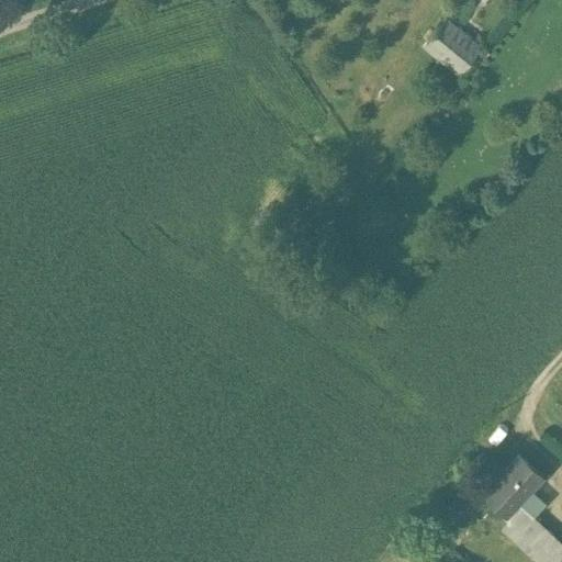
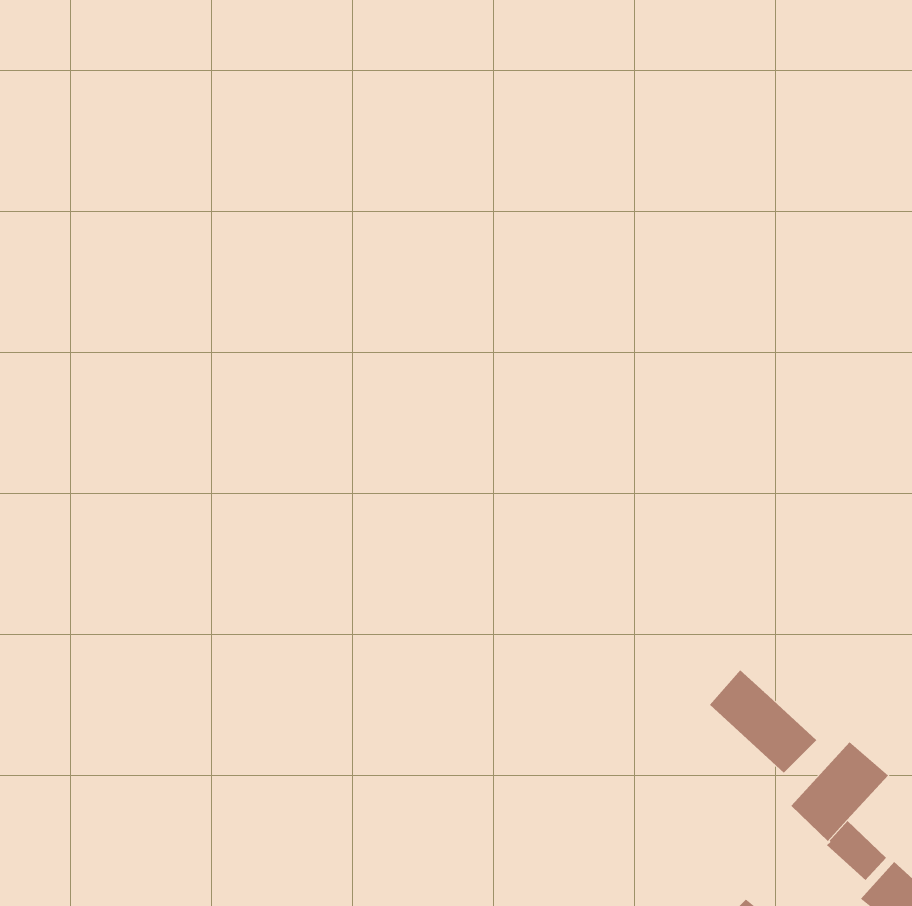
building: [424,21,483,78] -> none
building: none -> [709,669,817,773]

